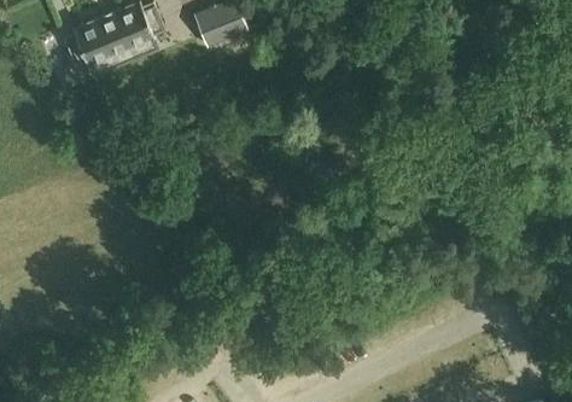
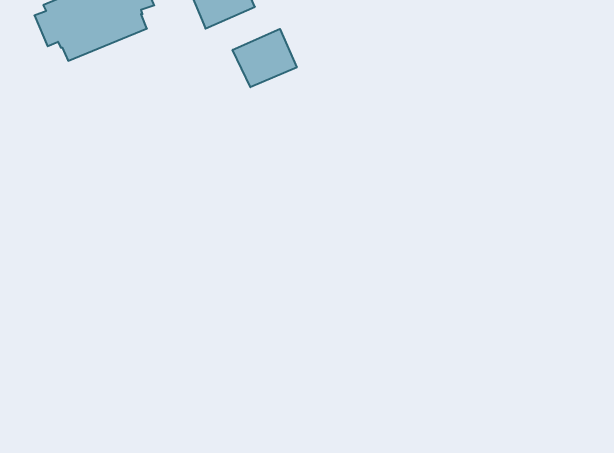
building: none -> [233,29,297,87]

